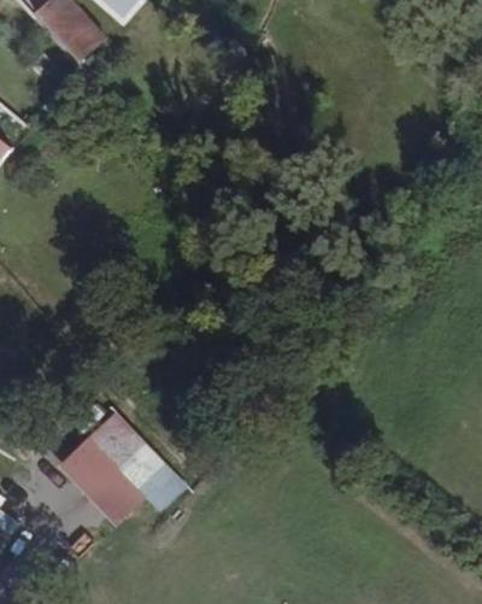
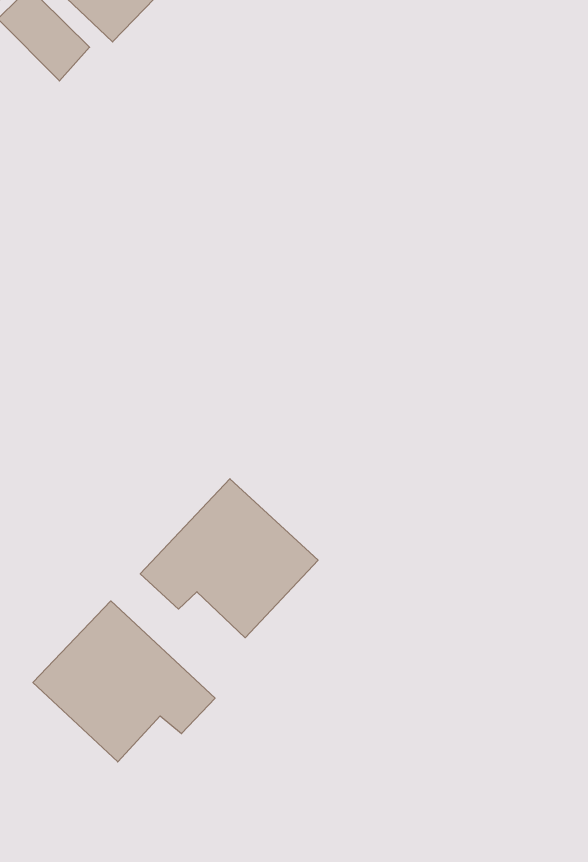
building: none -> [140,479,318,638]

